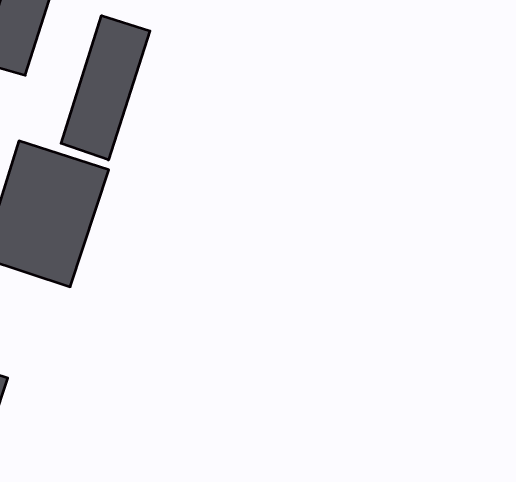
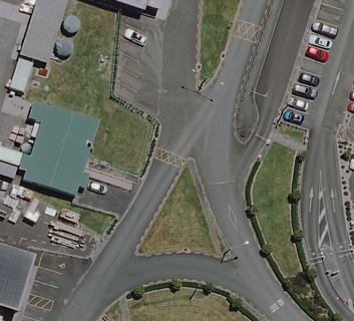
building: [61,16,150,160] -> none

